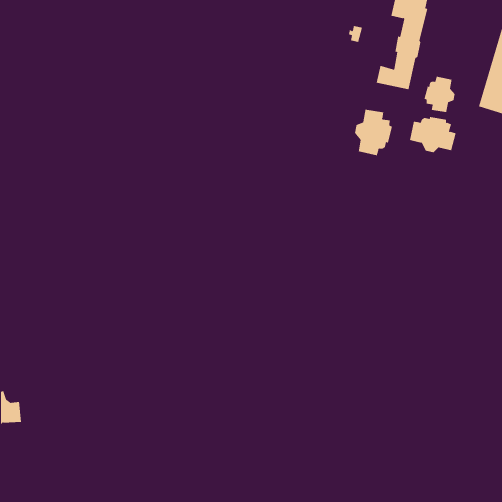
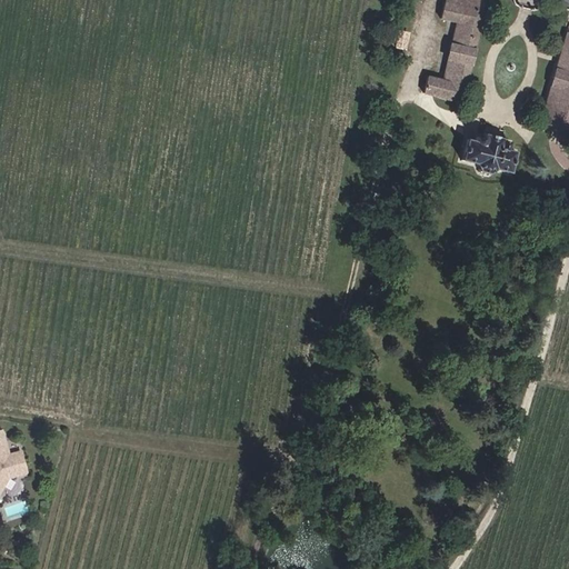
building: [424,76,455,113] -> none
building: [354,109,393,156] -> none

